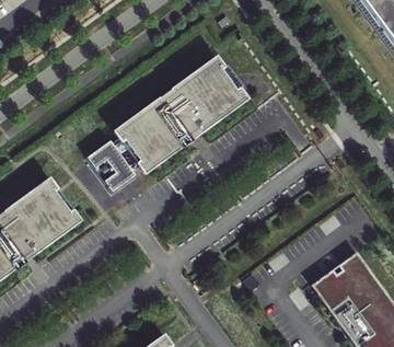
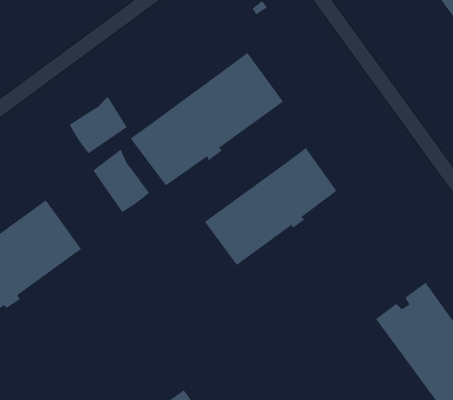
building: none -> [69,97,127,154]
building: none -> [204,147,337,266]

